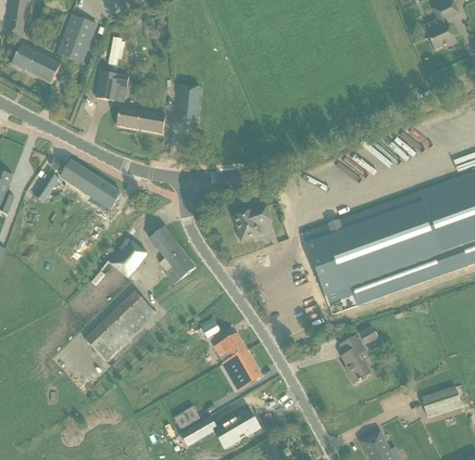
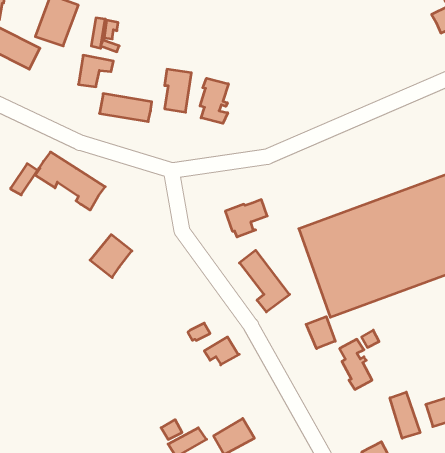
building: none -> [200,78,228,123]
building: [149,226,196,283] -> [239,250,290,312]
building: [85,291,157,361] -> none
building: none -> [306,317,335,349]
building: [222,349,262,387] -> none
building: none -> [390,392,420,438]

